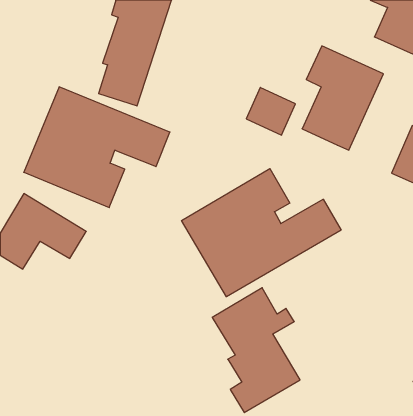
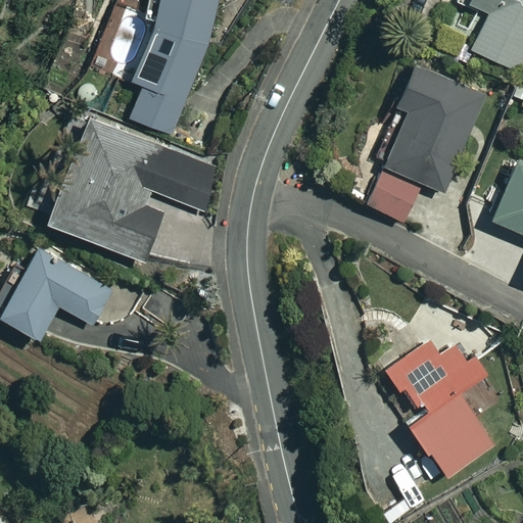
building: [246,87,295,135] -> [367,164,428,224]
building: [182,169,341,297] -> none
building: [212,288,300,413] -> [384,333,493,488]

